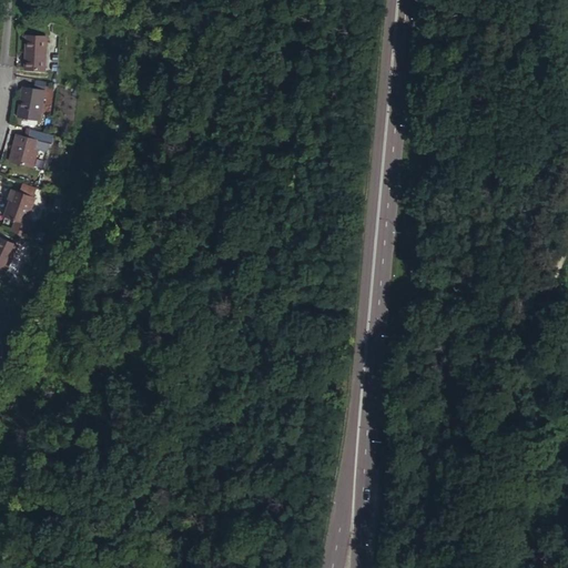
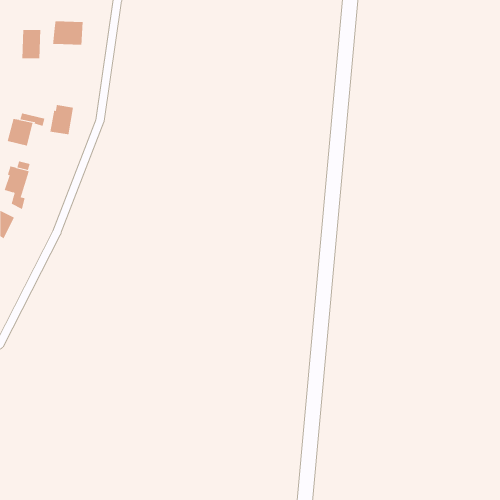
building: none -> [52,20,83,46]
building: [18,85,45,120] -> [49,104,74,135]

